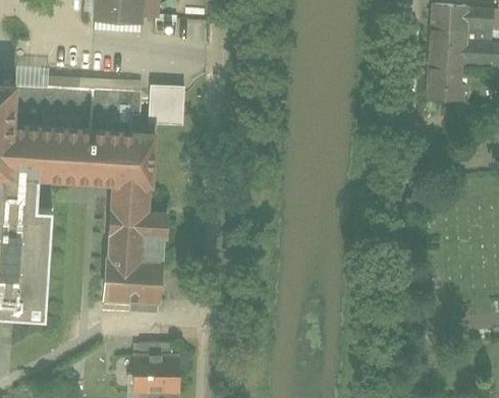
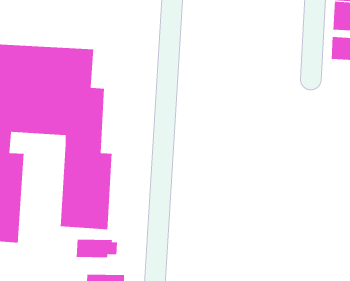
building: [149,88,183,126] -> none
building: none -> [76,239,118,258]

